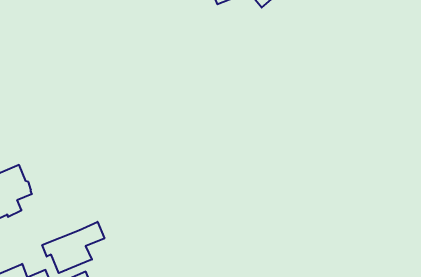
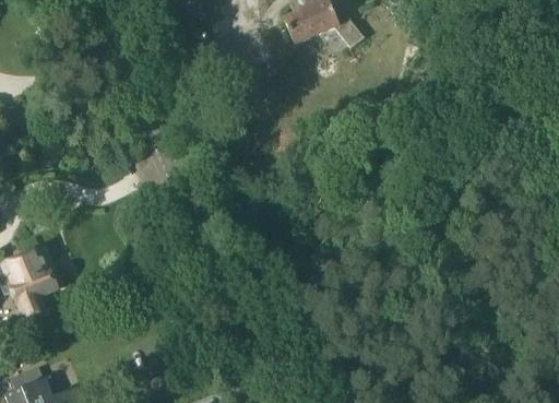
building: [42,222,104,273] -> none

